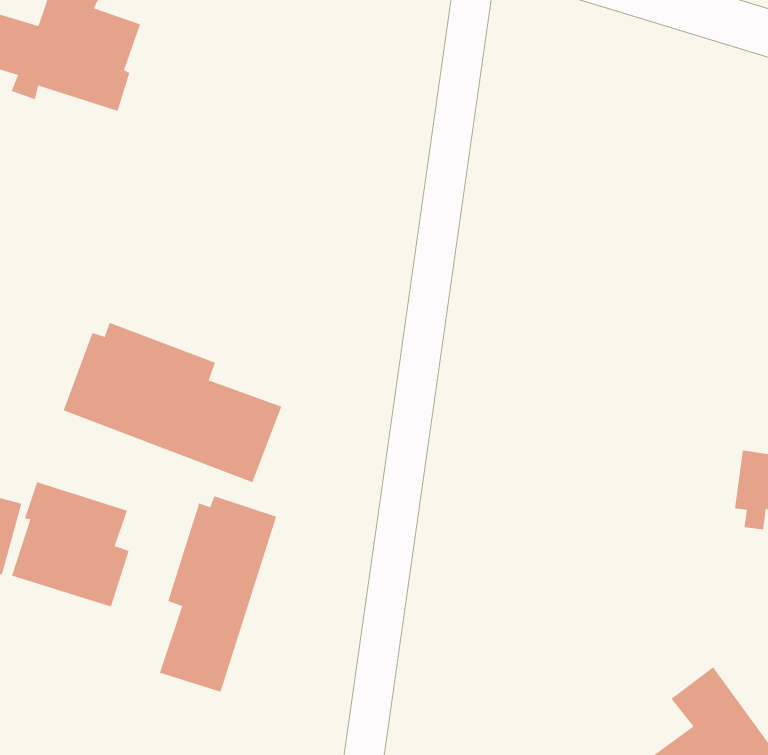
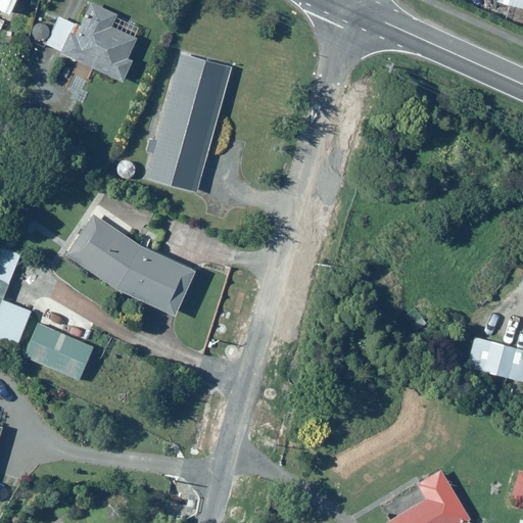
building: none -> [142,53,231,193]
building: [159,496,277,693] -> none

